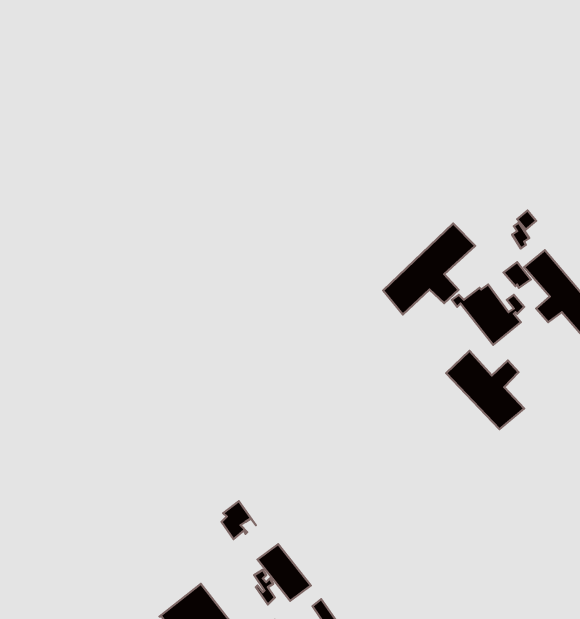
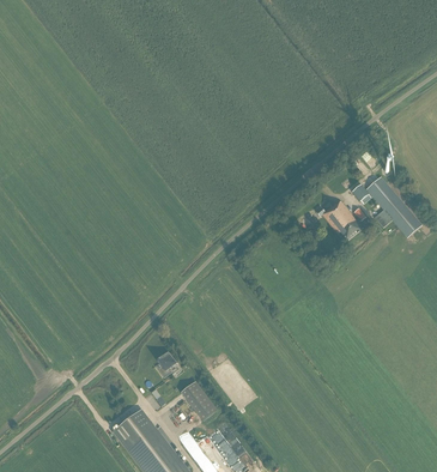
building: [383,224,475,315] -> none
building: [446,351,524,429] -> none

